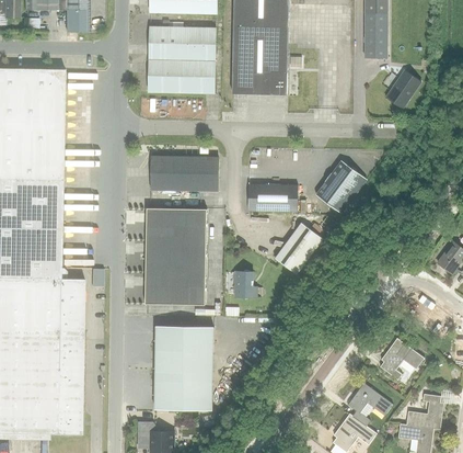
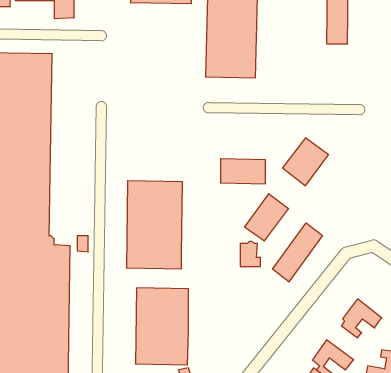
building: [148,23,215,94] -> none
building: [385,71,420,109] -> none
building: [150,157,218,191] -> none
building: none -> [273,223,323,282]
building: [234,270,256,297] -> [240,241,260,266]

